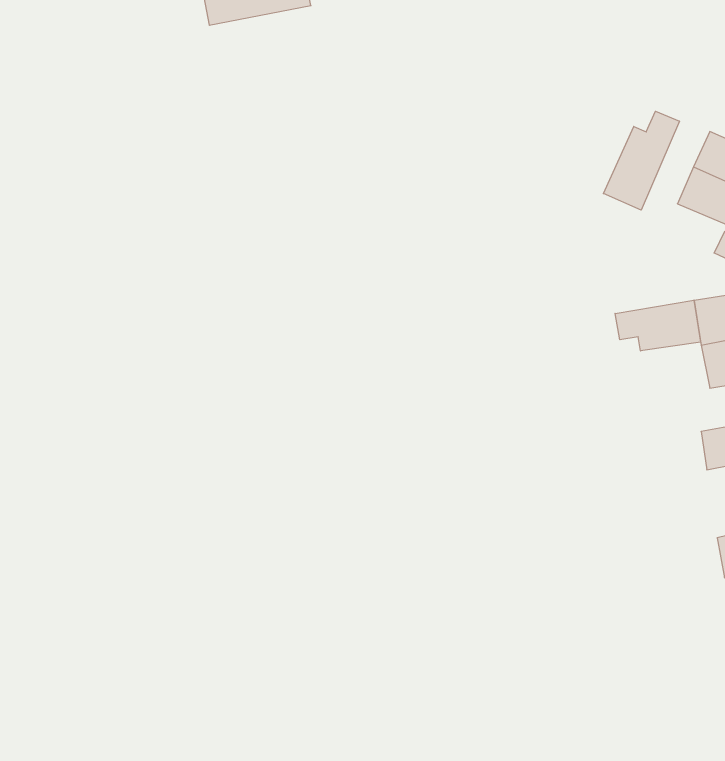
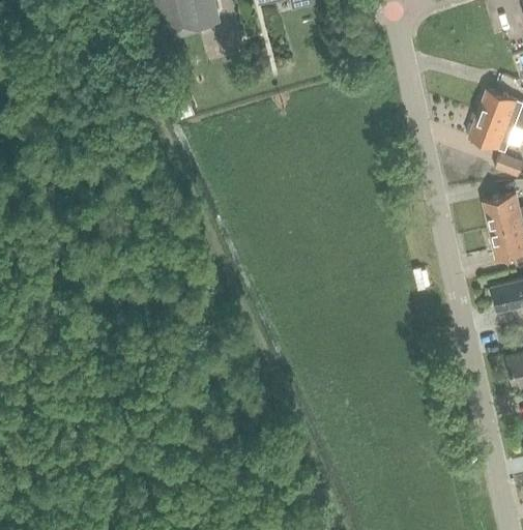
building: [603,111,679,210] -> none
building: [615,300,701,351] -> none

